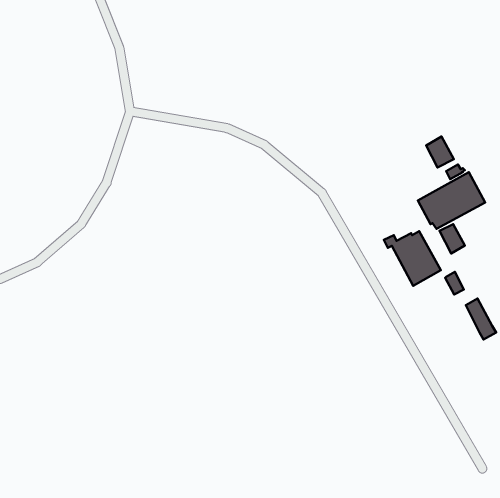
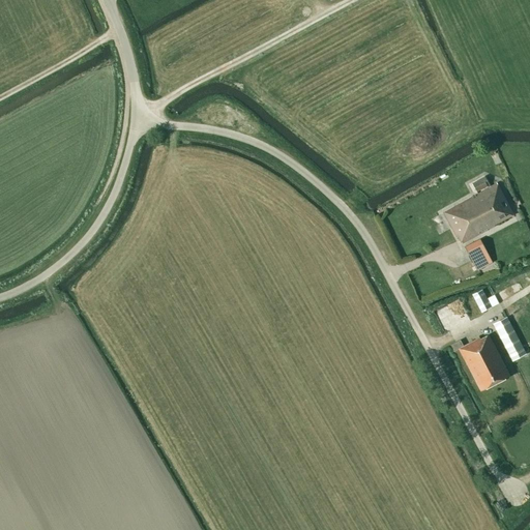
building: [426,137,454,167] -> none
building: [384,231,441,286] -> [449,334,509,392]

